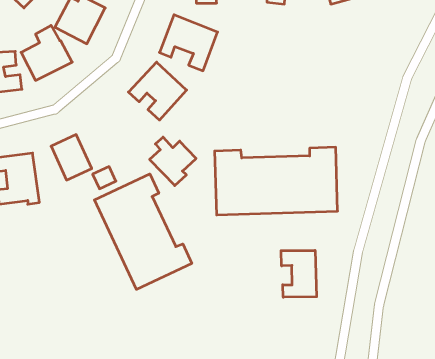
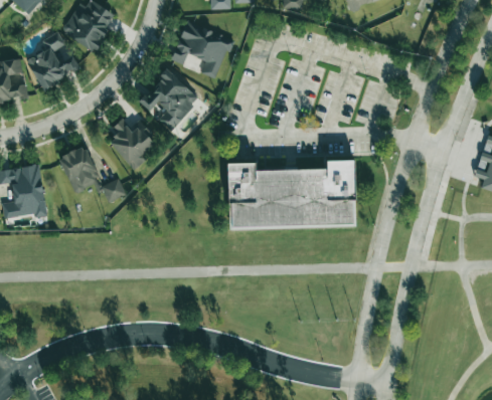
building: [150,137,196,186] -> [108,120,156,170]
building: [94,174,192,289] -> none
building: [281,250,317,297] -> none

